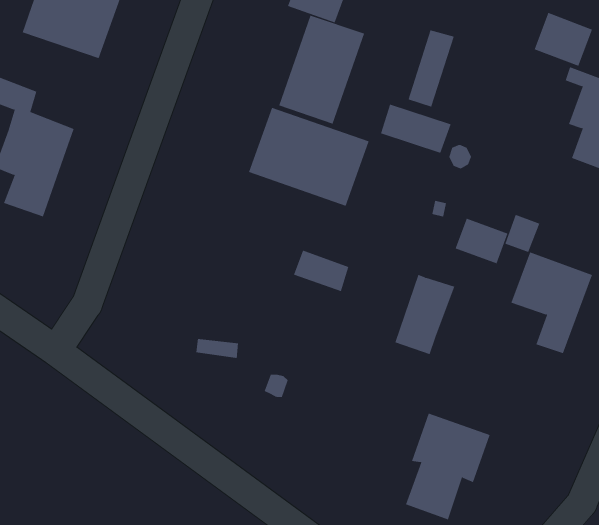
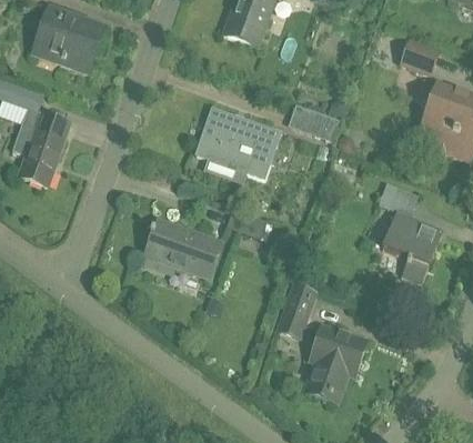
building: [278,15,365,124] -> none
building: [408,30,455,108] -> none
building: [455,218,508,264] -> none
building: none -> [143,218,222,279]
building: [395,274,455,355] -> [273,282,316,340]

